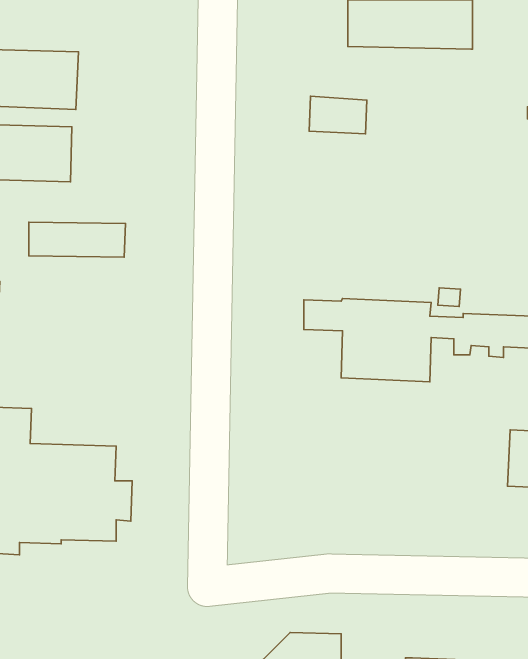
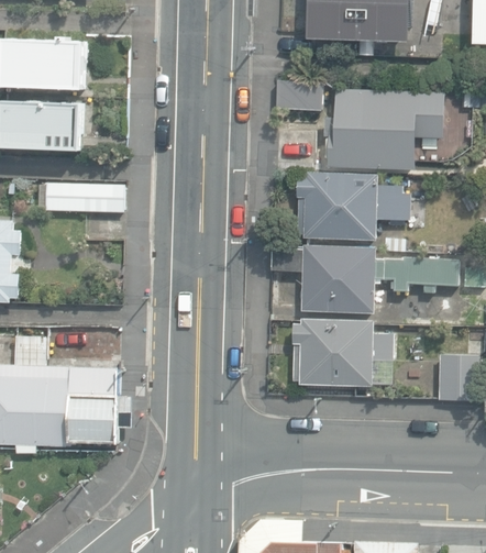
building: none -> [323,89,444,169]
building: none -> [295,172,411,240]
building: none -> [291,319,394,385]

